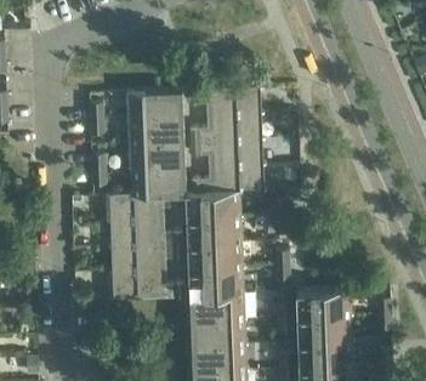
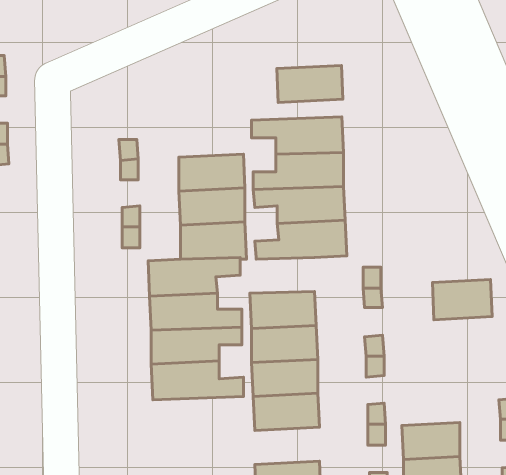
building: [134,91,183,119] -> [277,65,343,103]
building: [187,194,237,221] -> none
building: [301,290,346,320] -> [432,279,492,320]
building: [192,322,240,349] -> none

